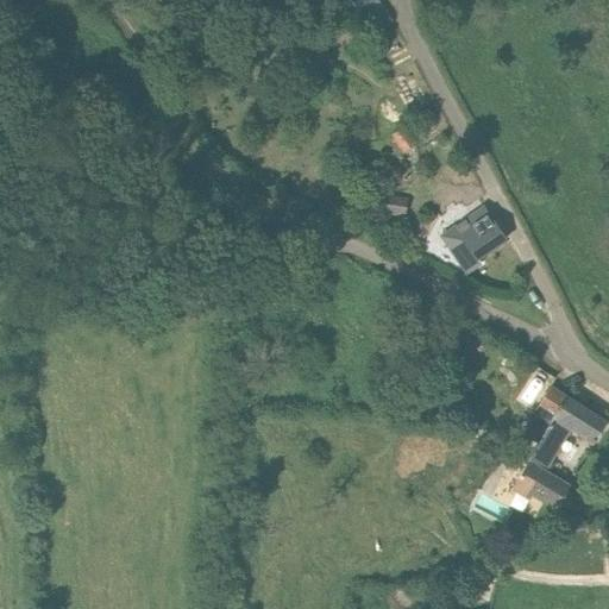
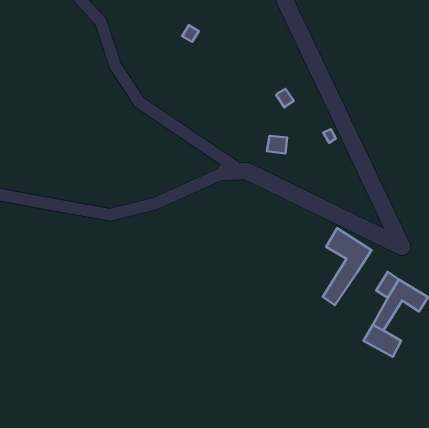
building: [441,207,504,271] -> none
building: none -> [323,228,371,305]

